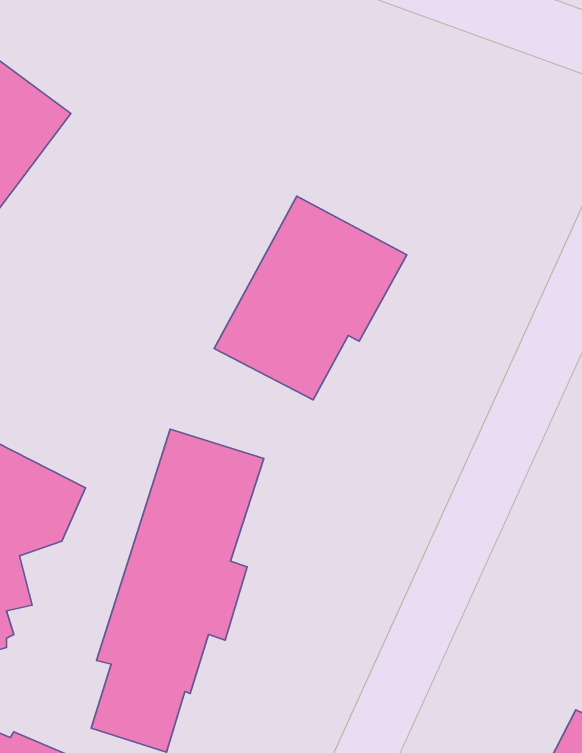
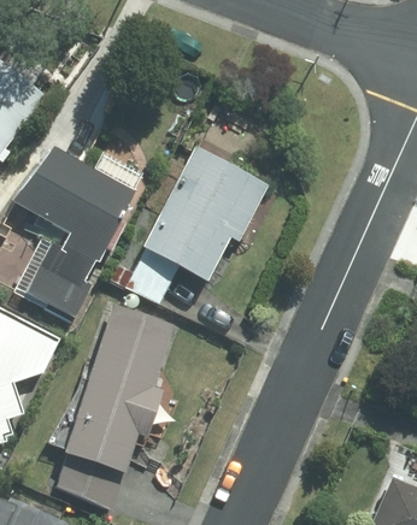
building: none -> [13,142,136,318]

